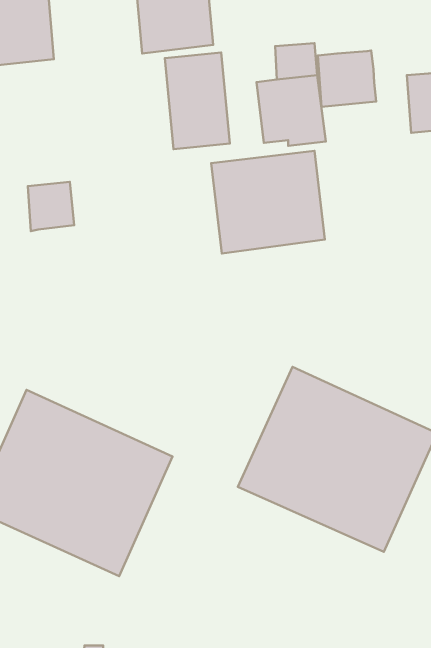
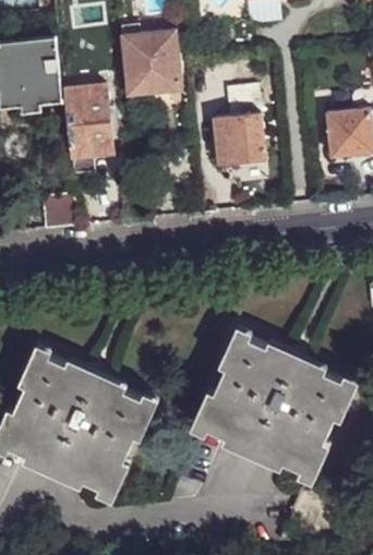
building: [318,51,376,107] -> none
building: [165,53,230,149] -> [63,86,112,159]
building: [211,151,325,253] -> none

